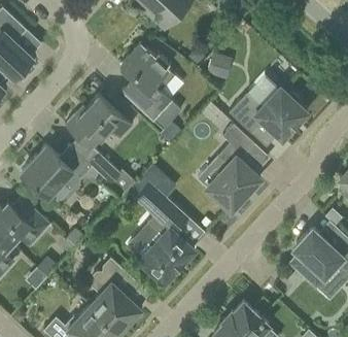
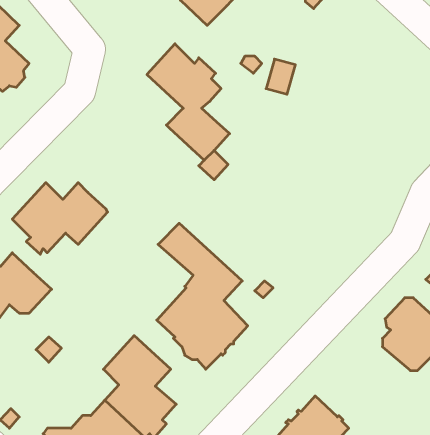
building: [230,75,308,139] -> none
building: [66,95,133,183] -> none
building: [207,124,260,210] -> none

